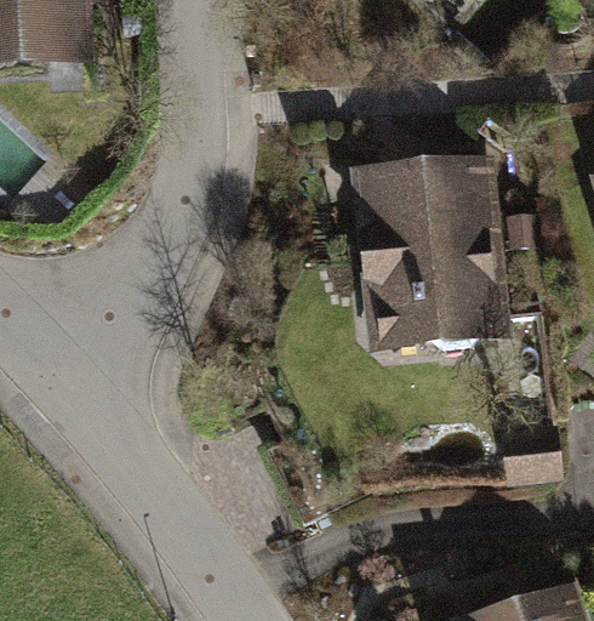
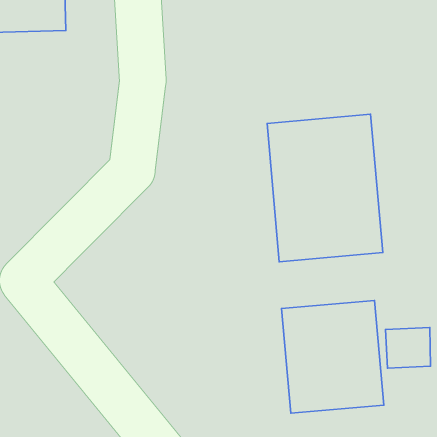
building: none -> [282,301,384,413]

